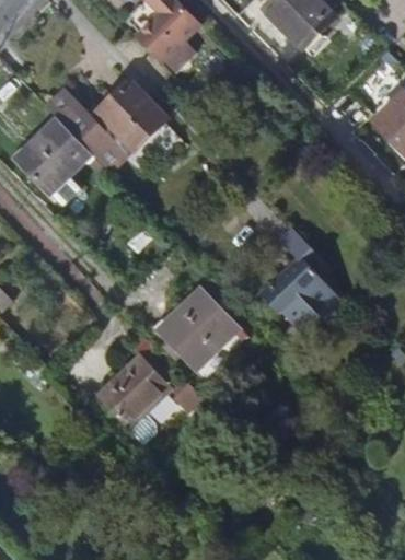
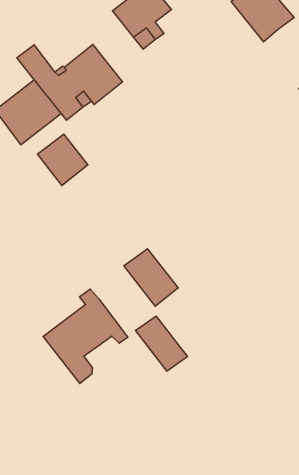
building: none -> [37,134,88,186]
building: [262,226,338,327] -> none
building: [160,314,220,373] -> [136,316,187,371]

